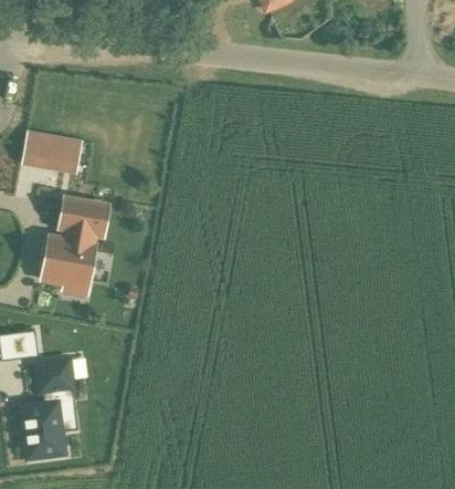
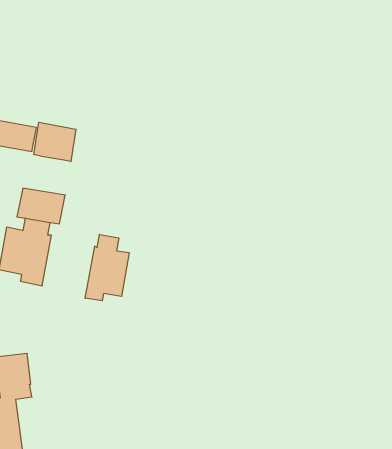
building: none -> [34,122,76,162]
building: none -> [85,234,129,301]

